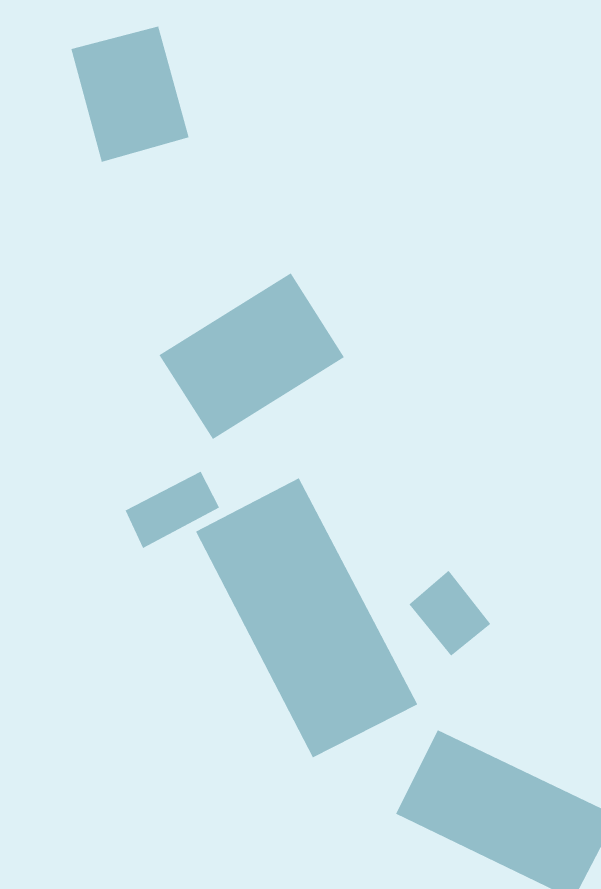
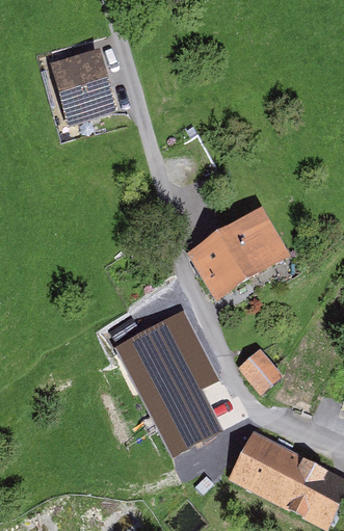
building: [159,272,345,440] -> [186,210,287,300]
building: [125,471,220,549] -> none

